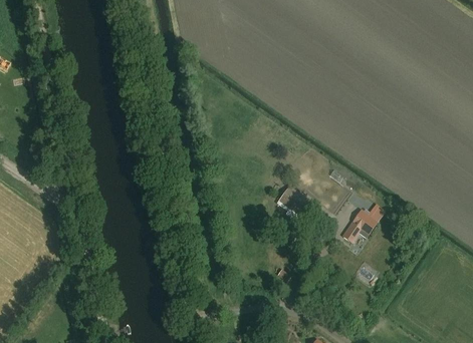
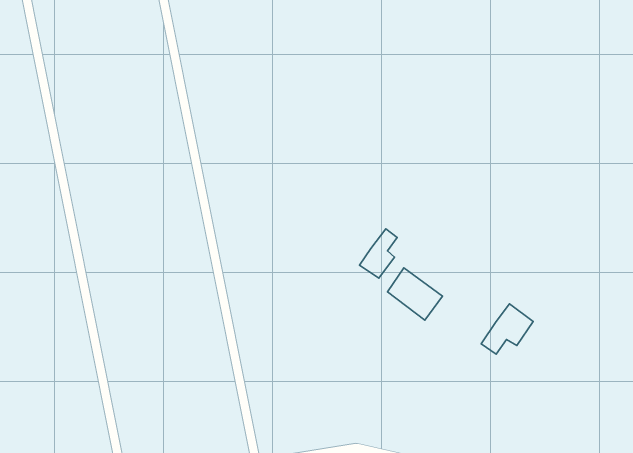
building: none -> [359,229,397,278]

